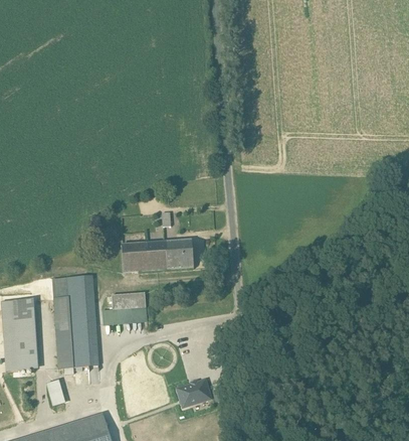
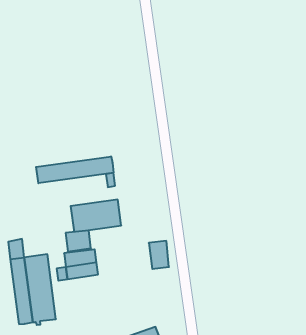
building: none -> [36,156,113,183]
building: [173,239,193,268] -> [149,241,169,269]
building: [67,275,93,296] -> [66,231,91,251]

